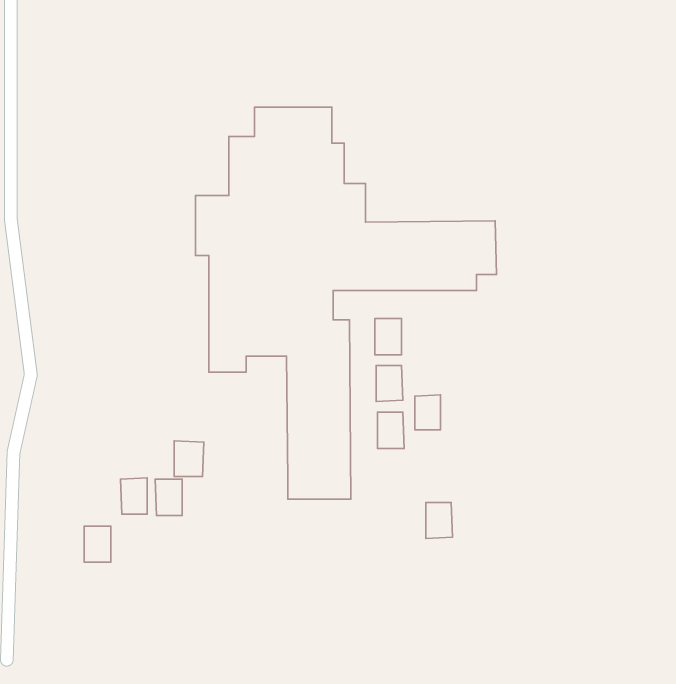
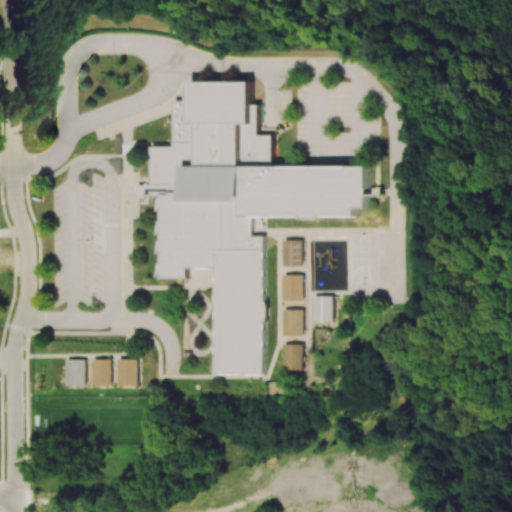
building: [174,441,204,477] -> none
building: [426,503,453,539] -> [282,345,302,372]
building: [84,526,111,562] -> [62,359,82,386]

